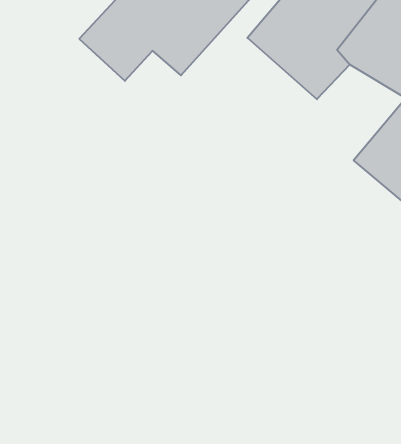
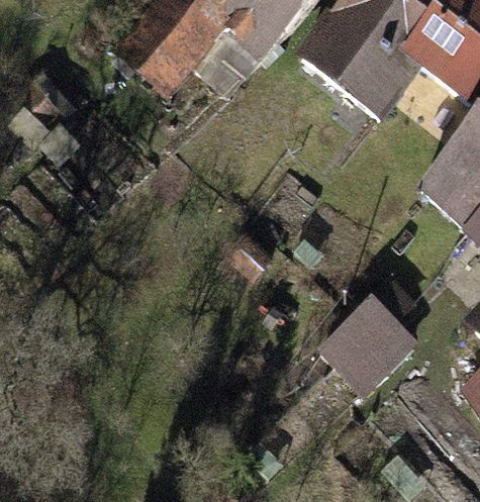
building: none -> [325,312,423,411]

